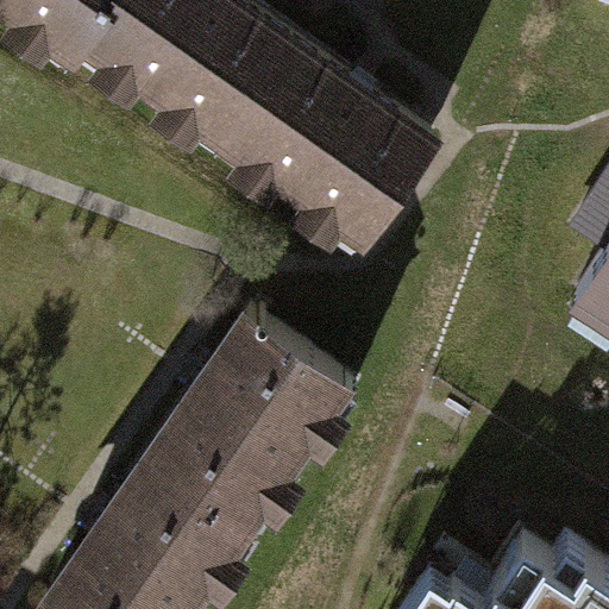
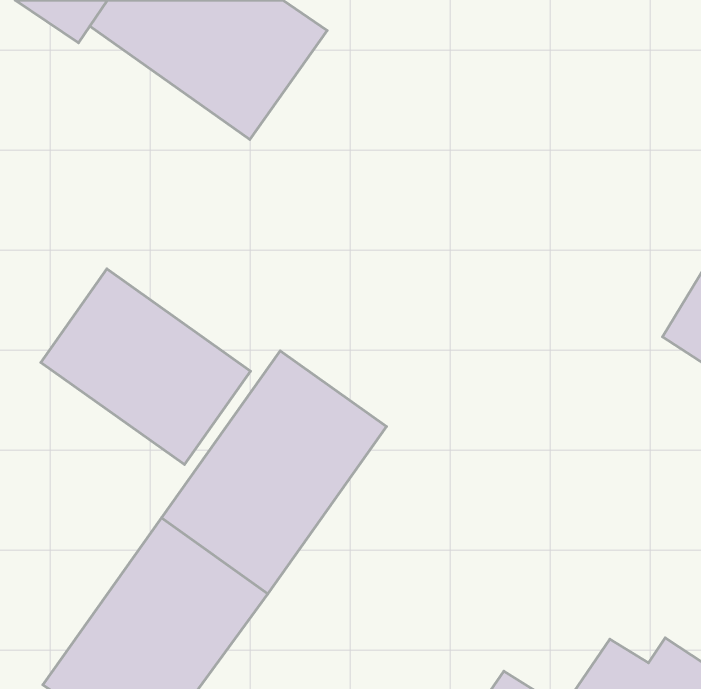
building: [219,40,426,233] -> none
building: none -> [41,269,250,464]

